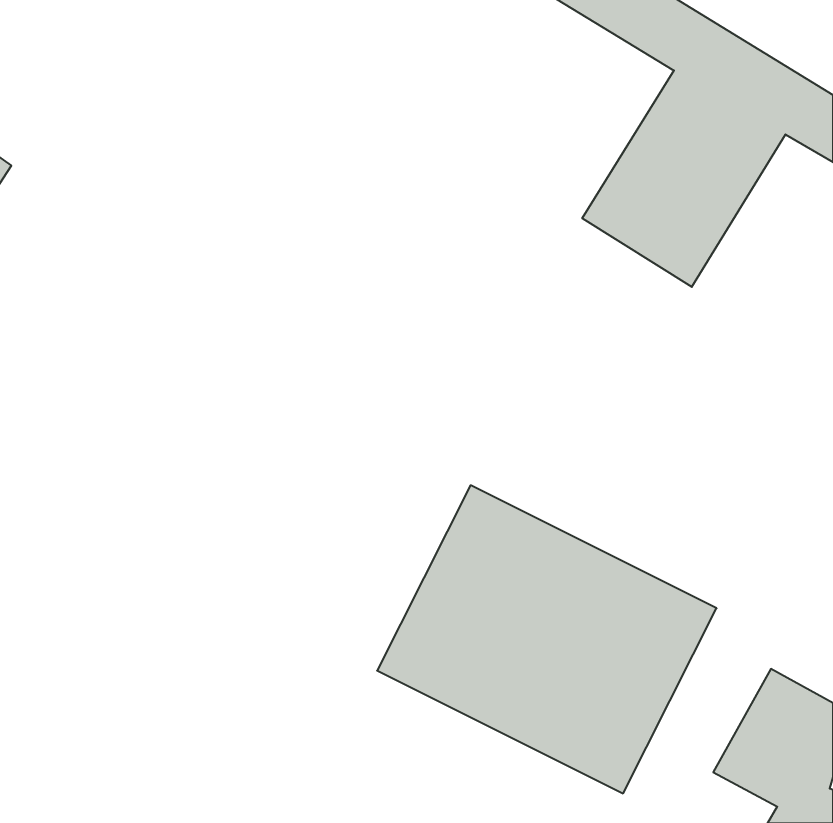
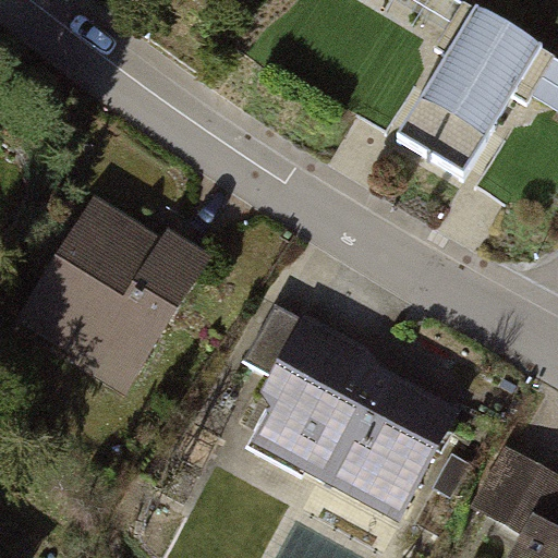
building: none -> [17,194,209,390]

